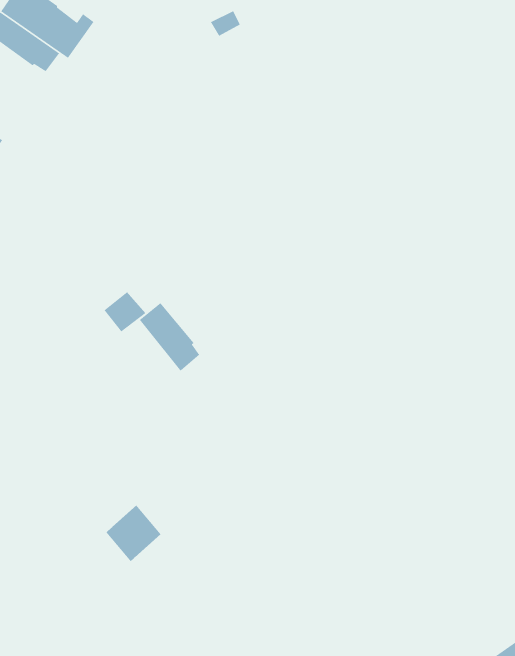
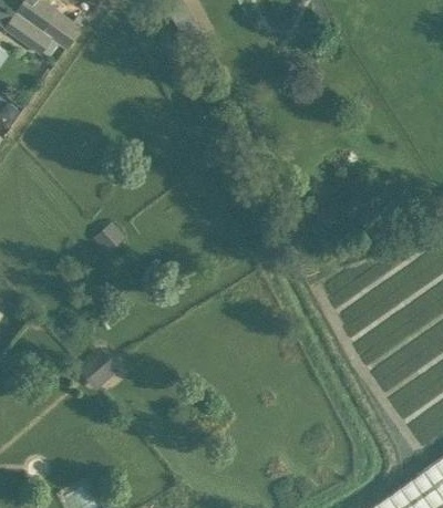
building: [139,302,200,379] -> none
building: [105,505,162,562] -> [75,348,117,391]

